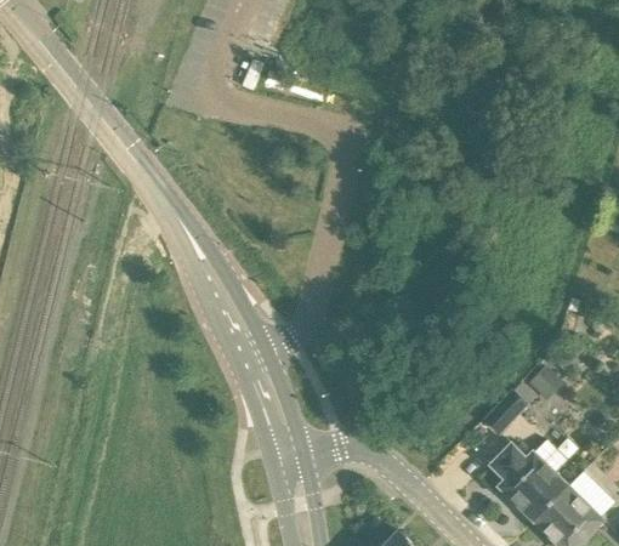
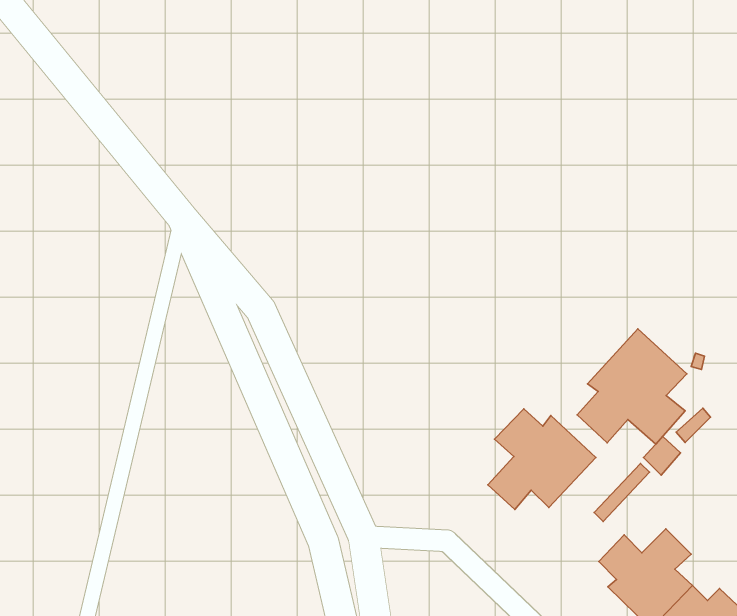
building: none -> [577,329,687,444]
building: none -> [488,409,596,510]

